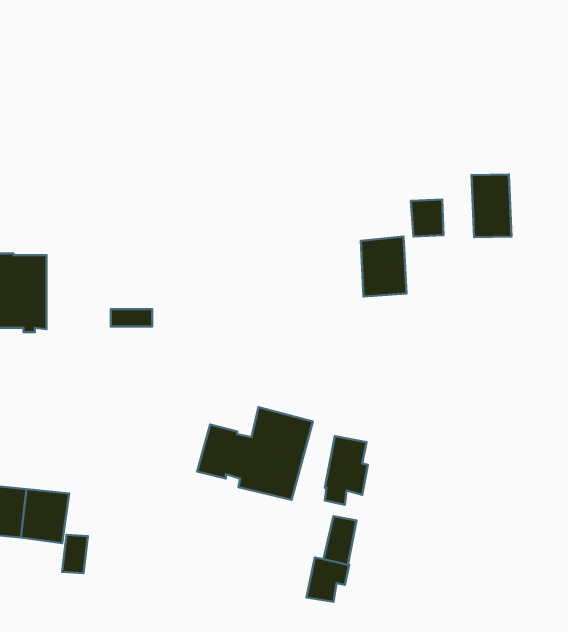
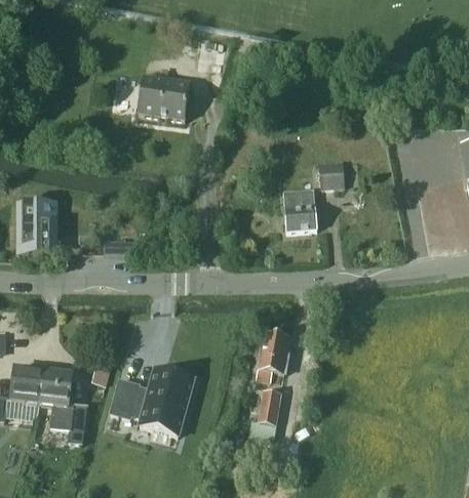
building: none -> [138,72,190,120]
building: [471,174,512,237] -> none
building: [197,407,313,500] -> [109,366,192,432]

